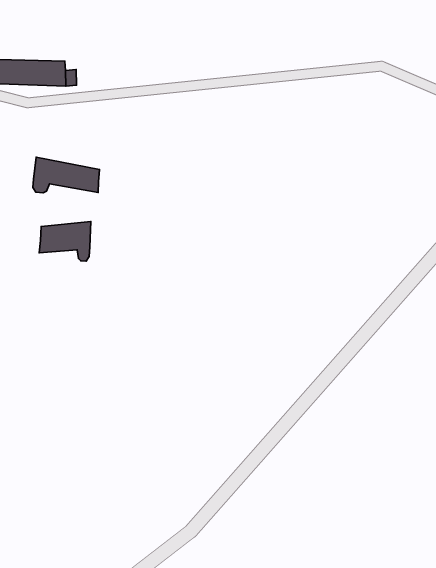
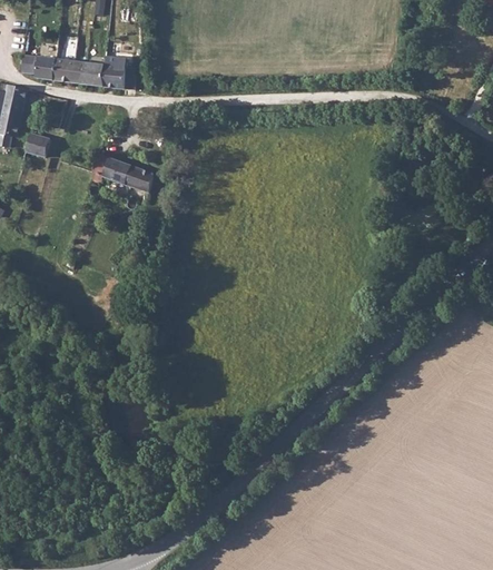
building: [39,222,91,261] -> none

